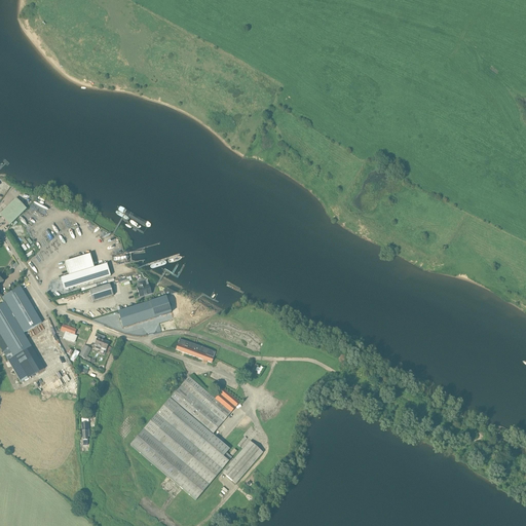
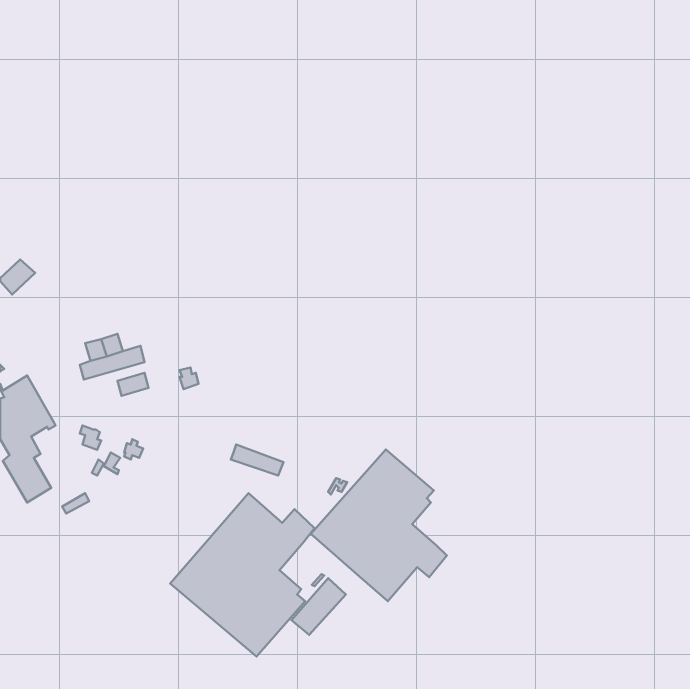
building: [118,296,171,327] -> none
building: none -> [311,449,447,601]

